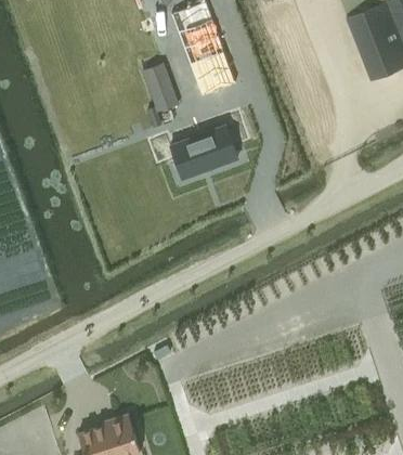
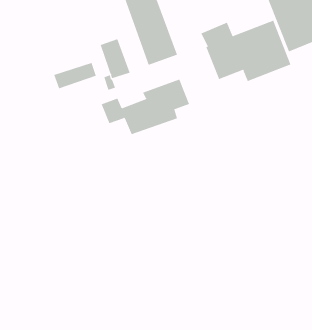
building: none -> [201,20,291,82]
building: none -> [54,62,96,89]

